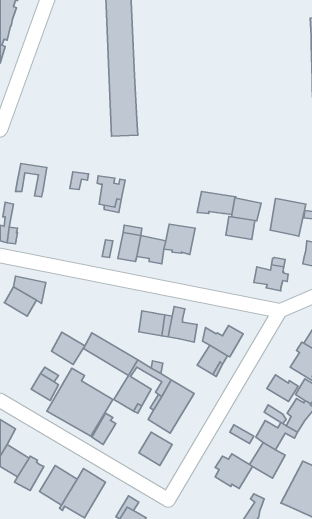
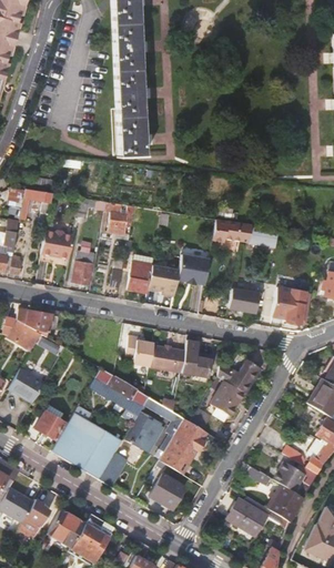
building: [270,199,306,236] -> none
building: none -> [40,230,72,255]
building: [226,216,255,239] -> [227,288,259,313]
building: none -> [71,254,93,285]
building: none -> [123,334,153,367]
building: [51,332,85,365] -> [8,368,43,403]
building: [267,375,298,401] -> none

